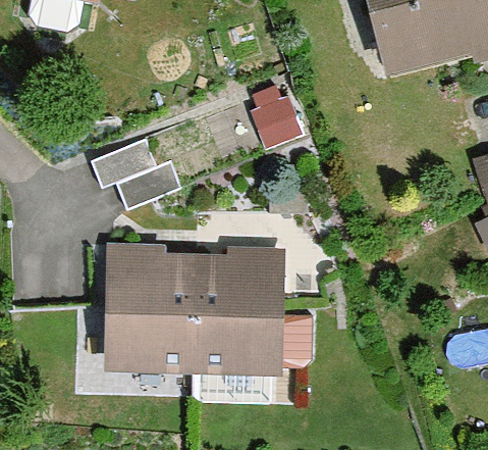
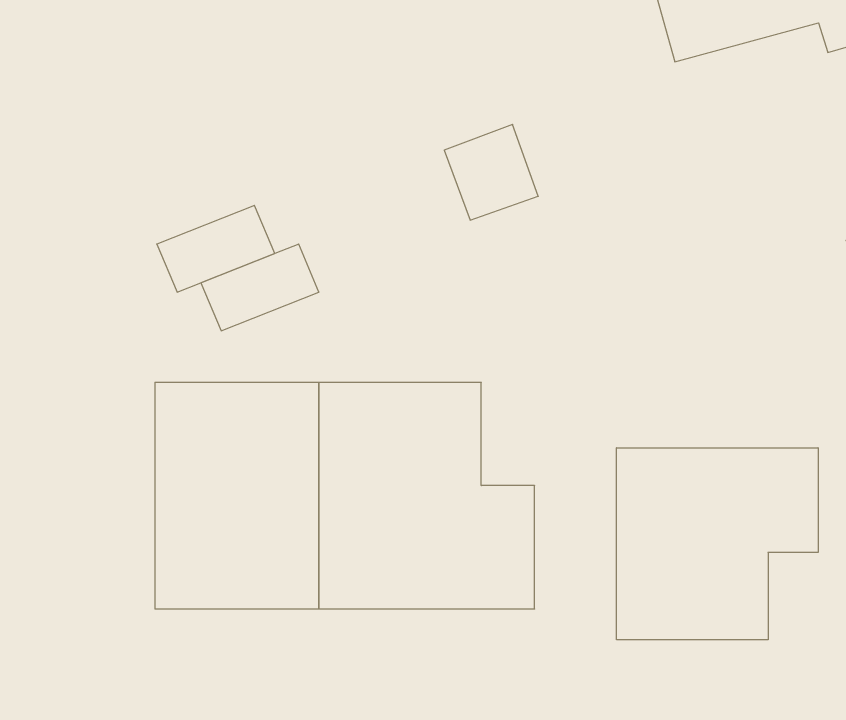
building: none -> [617,448,818,640]

